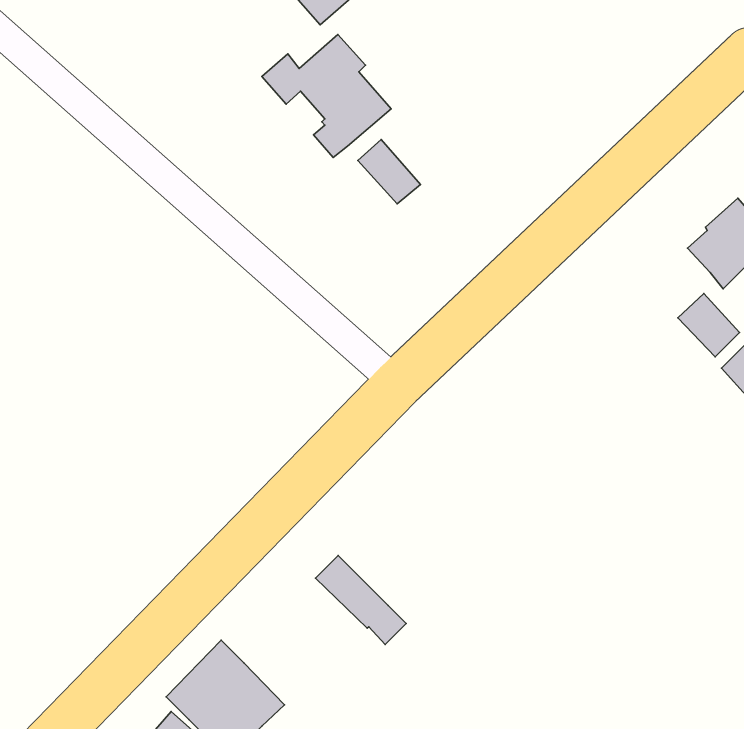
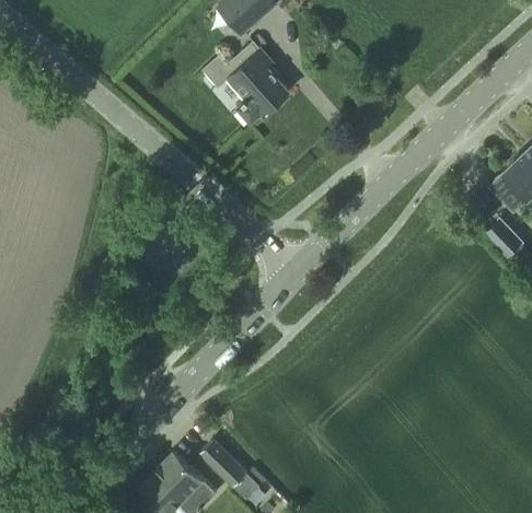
building: [358,140,420,204] -> none
building: [315,555,406,645] -> [199,439,261,499]

